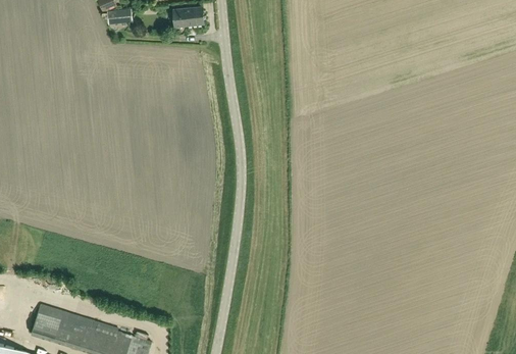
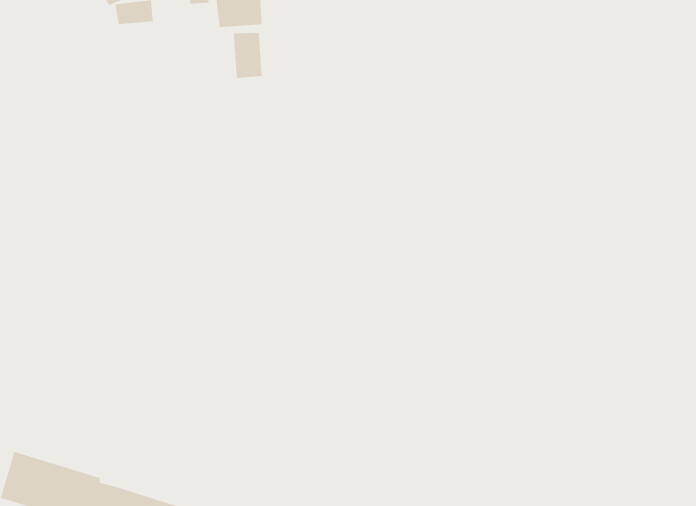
building: none -> [233,32,262,79]

